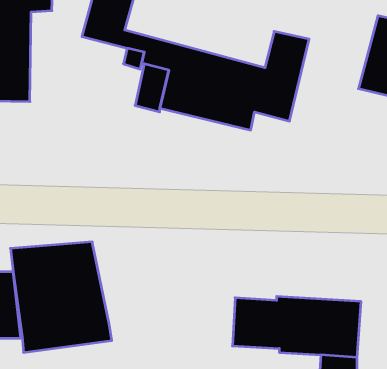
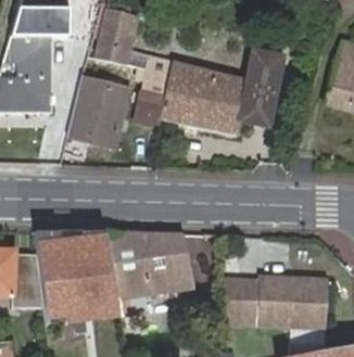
building: none -> [66,84,128,153]
building: none -> [103,229,191,297]

